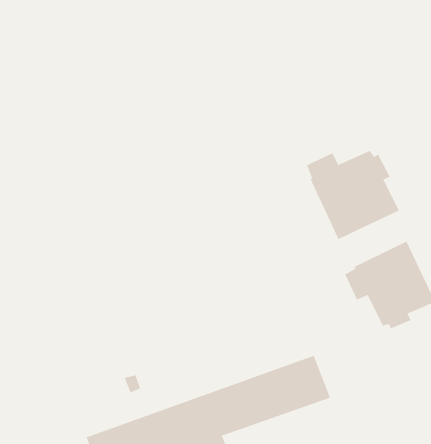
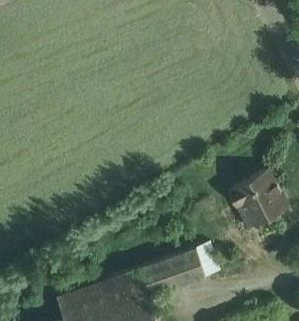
building: [306,150,400,240] -> none

